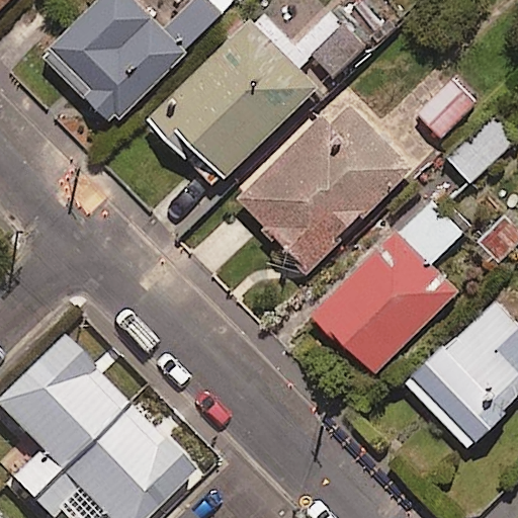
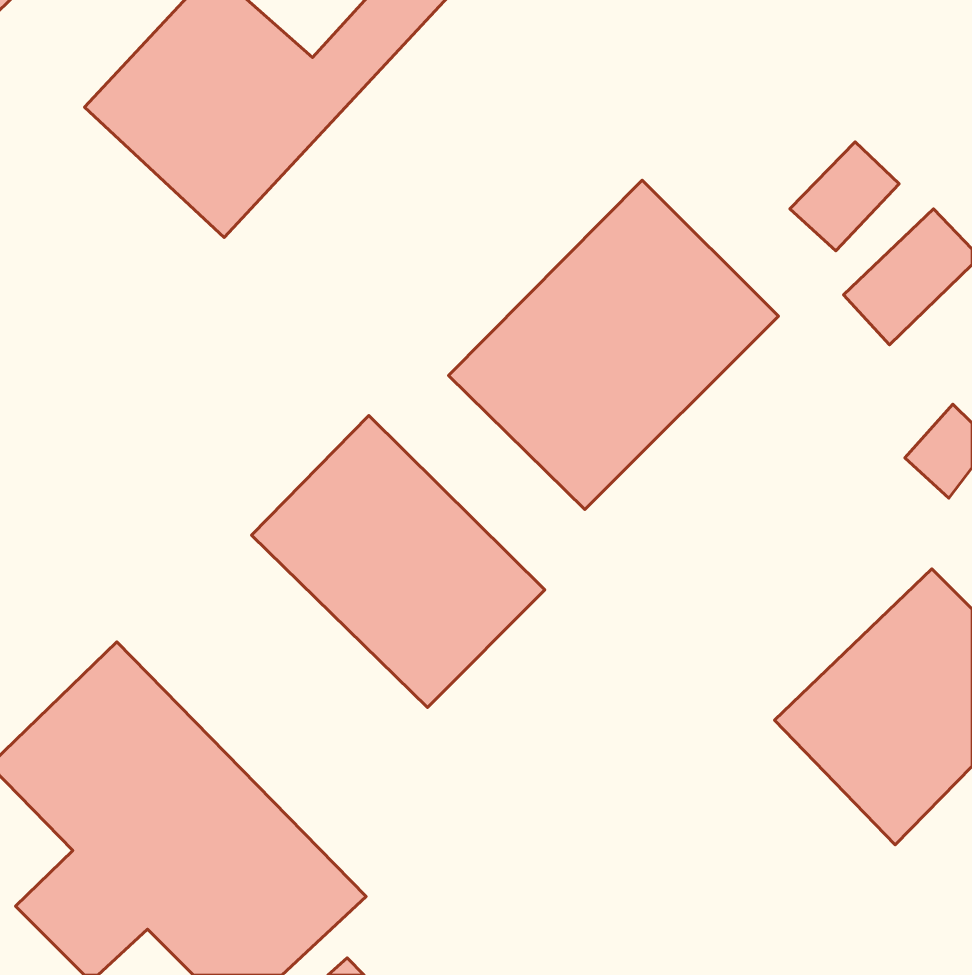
building: [148,6,365,186] -> none
building: [317,199,462,373] -> none
building: none -> [251,416,545,708]

